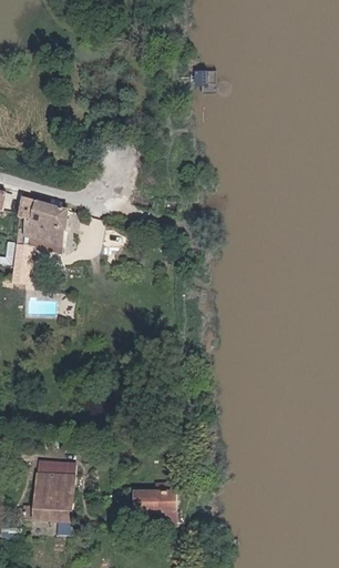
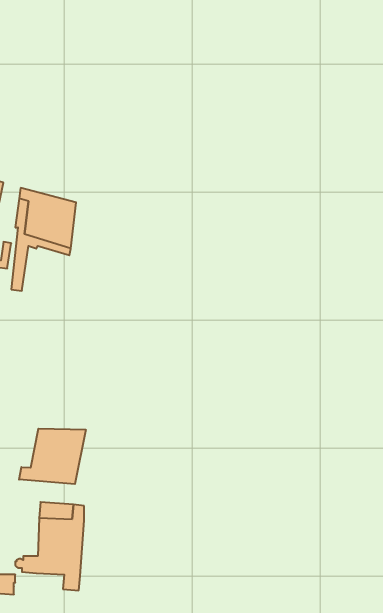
building: none -> [19,429,86,484]
building: [135,491,175,524] -> none

